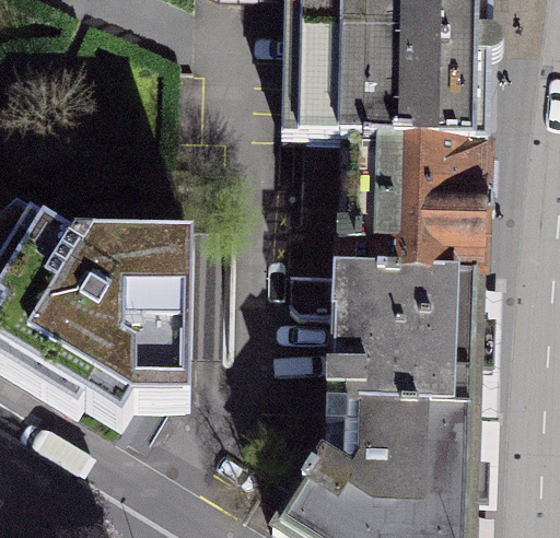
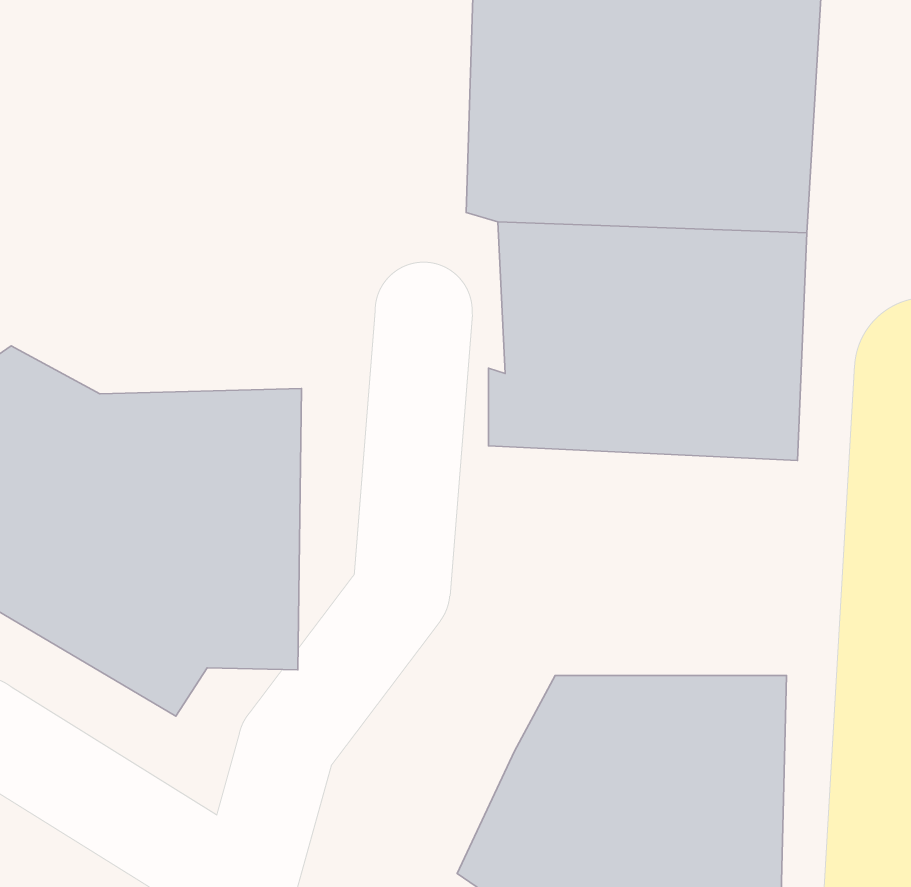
building: [299,268,483,404] -> none

